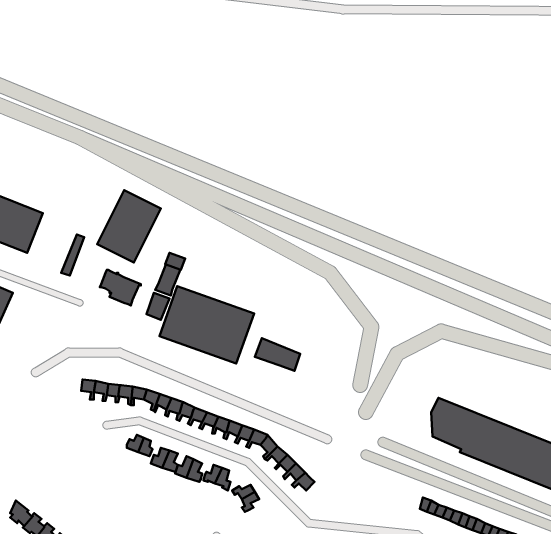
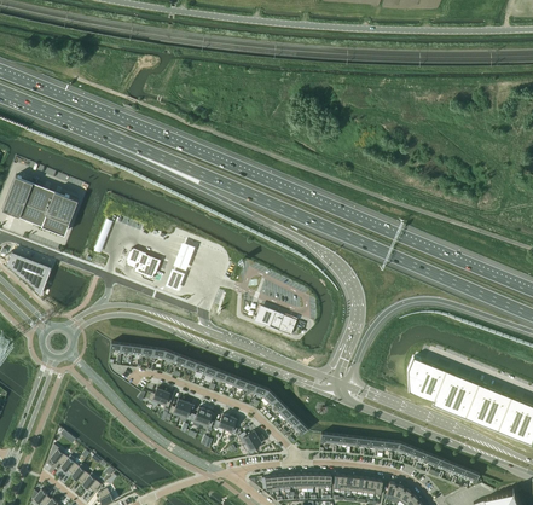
building: [97,190,161,263] -> none
building: [159,286,254,363] -> none

